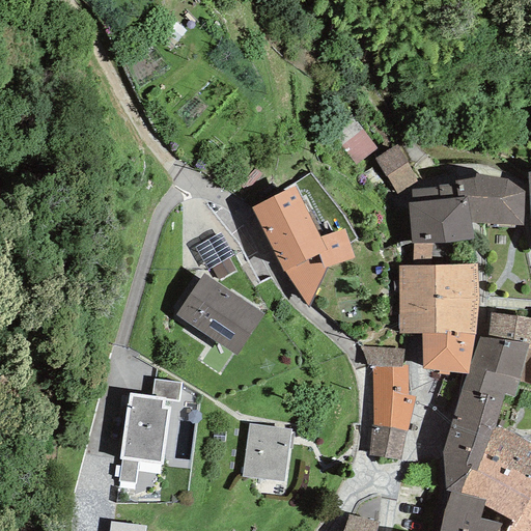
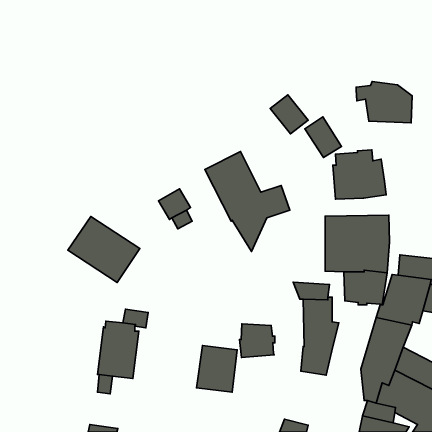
building: [456,173,525,224] -> [356,81,412,123]
building: [176,274,264,355] -> [68,216,140,282]
building: none -> [240,324,275,358]

